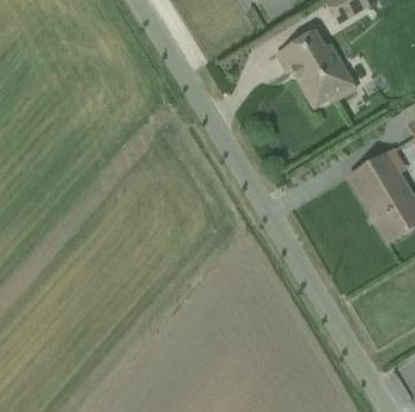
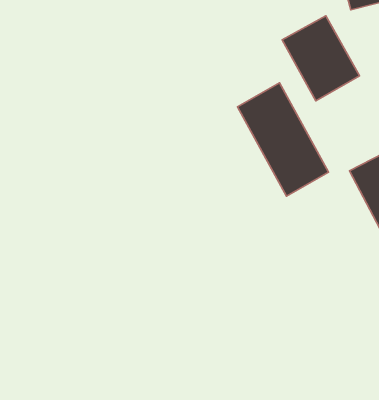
building: none -> [237,83,329,196]

